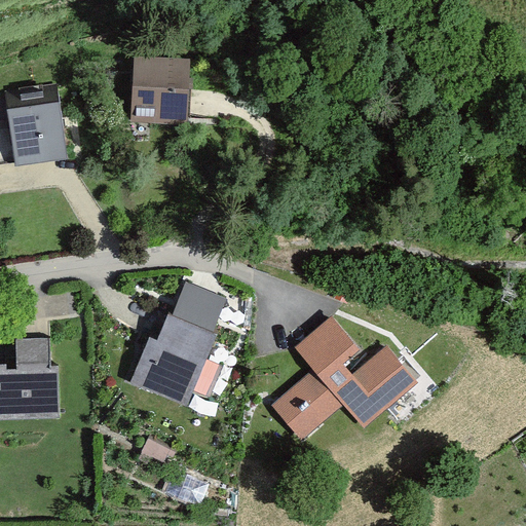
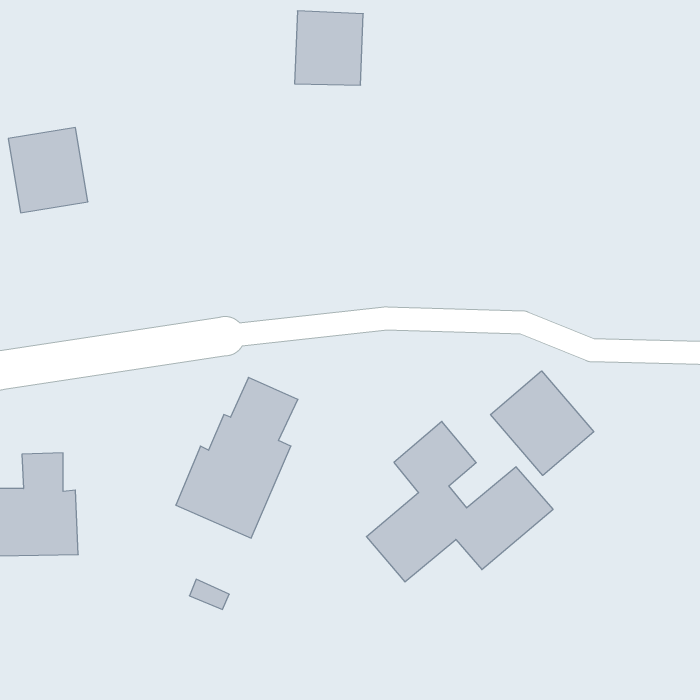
building: [133,65,184,120] -> [295,11,363,85]
building: none -> [491,371,594,475]

